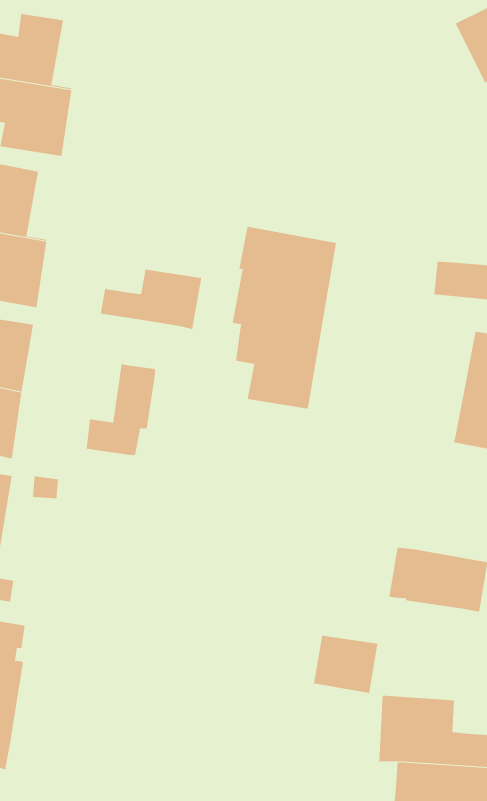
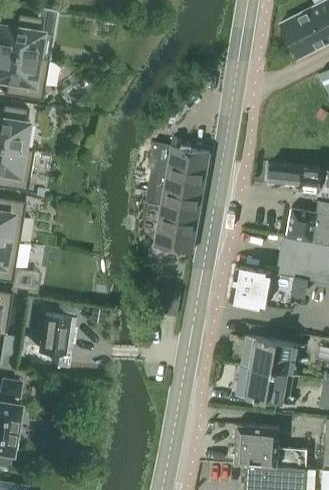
building: [100,269,202,330] -> none
building: [86,364,156,455] -> [26,314,68,369]
building: none -> [229,265,271,308]
building: [313,635,378,694] -> [244,368,283,403]

